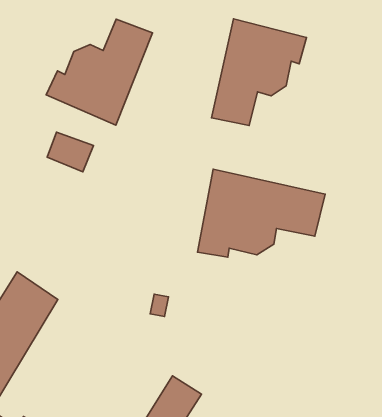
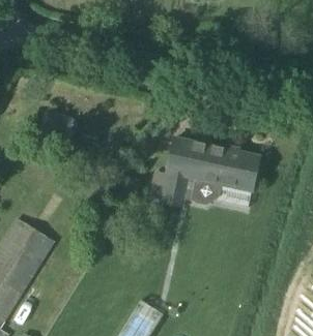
building: [211,19,306,125] -> none
building: [46,19,153,125] -> none

